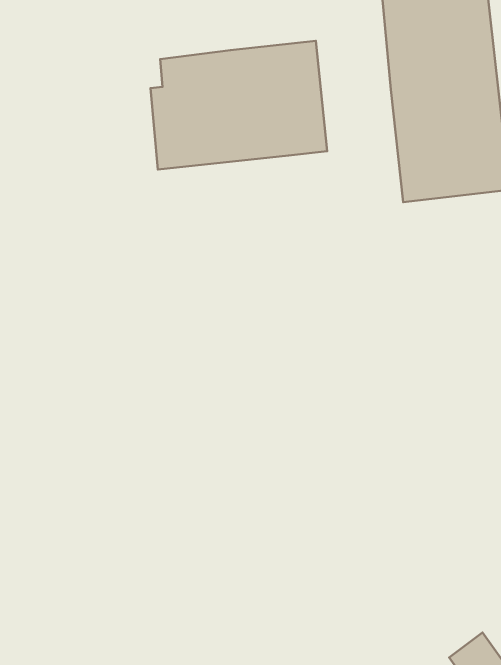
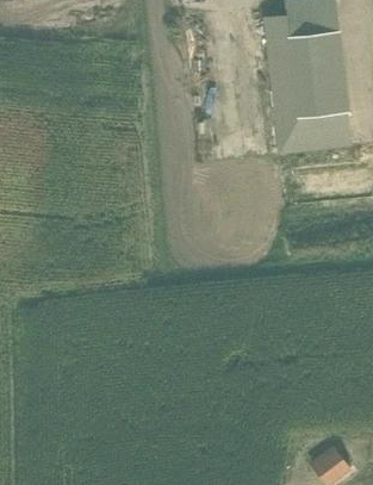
building: [151,41,327,169] -> none

